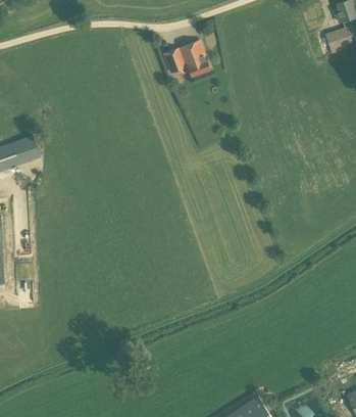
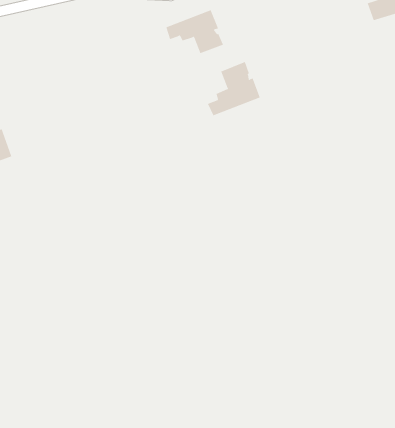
building: none -> [207,61,261,116]

